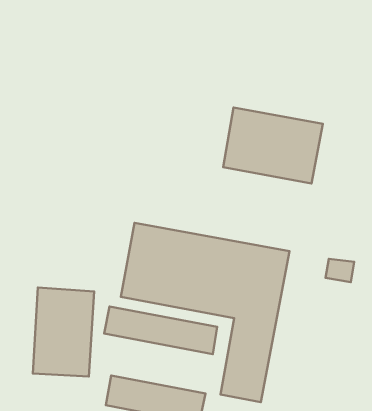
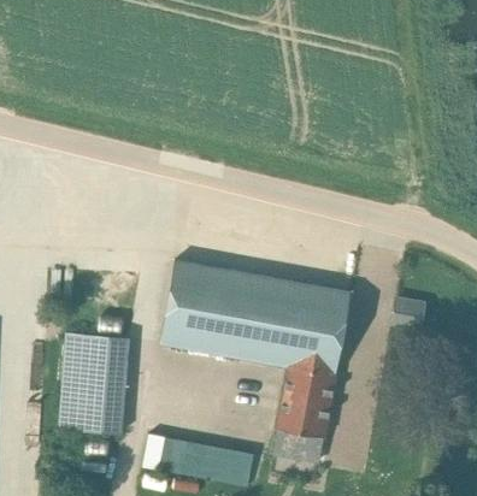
building: [223,107,323,183] -> none
building: [104,306,217,354] -> none

